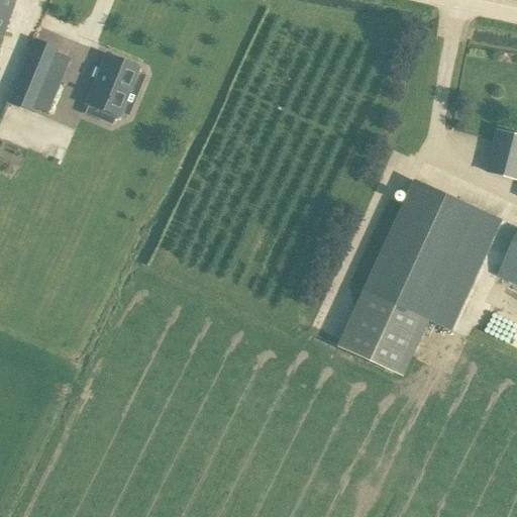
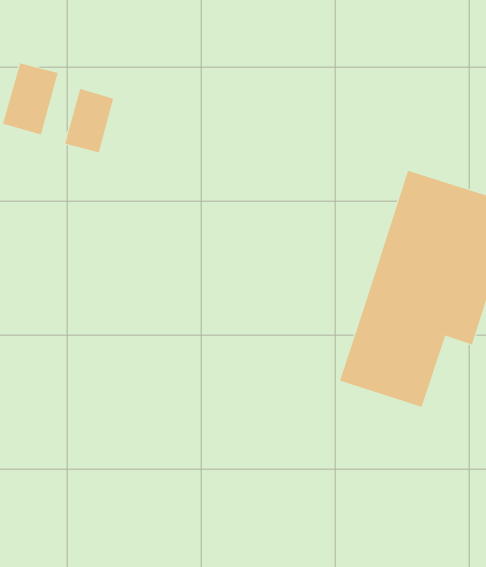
building: none -> [65,88,114,153]

